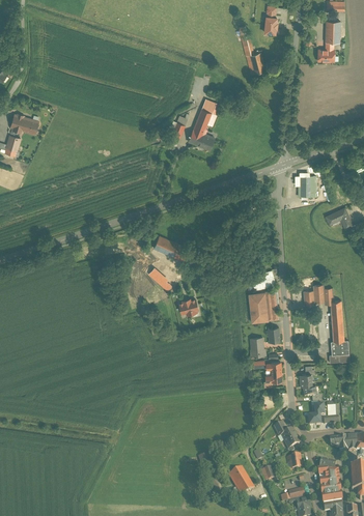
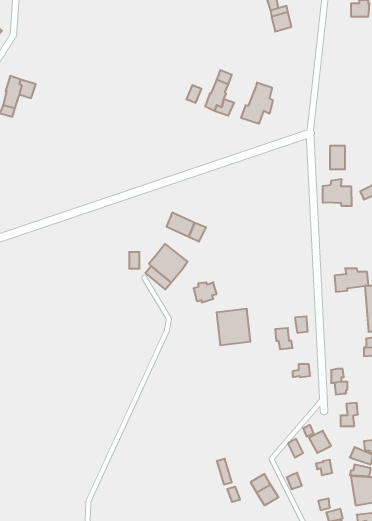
building: none -> [241,82,273,124]
building: none -> [323,179,352,206]
building: [248,289,278,321] -> [216,309,250,345]

